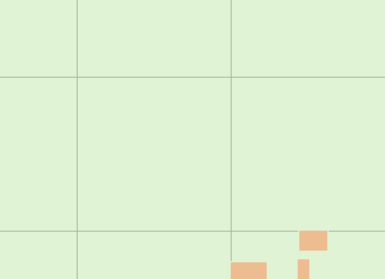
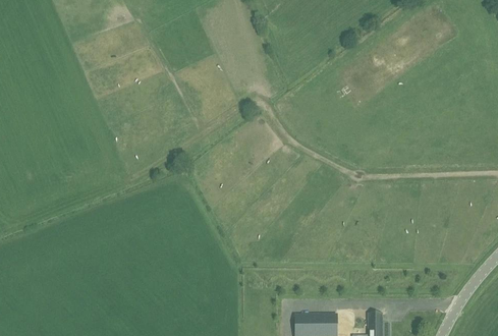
building: [299,230,328,251] -> none

